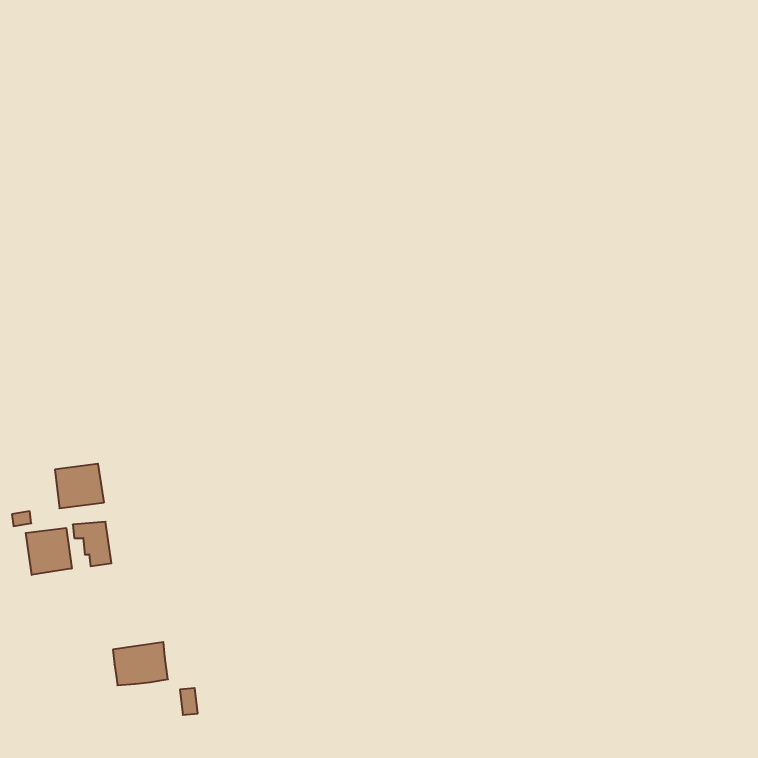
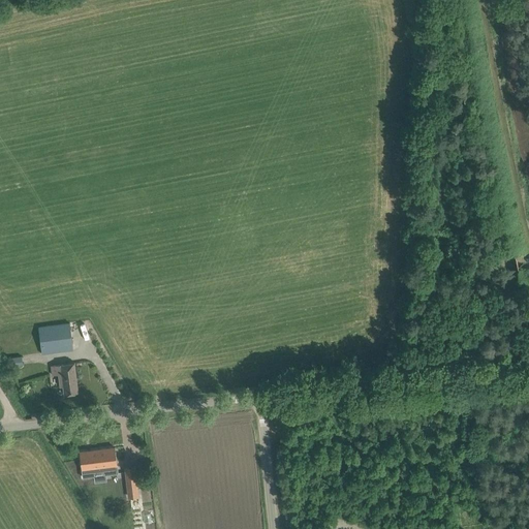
building: [26,528,72,575] -> none

